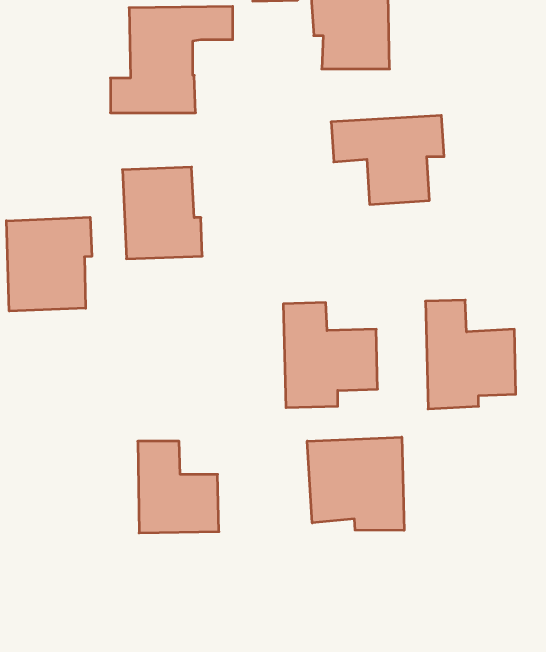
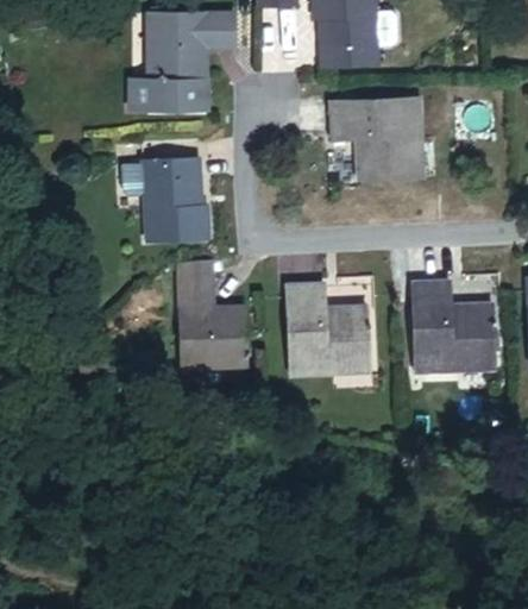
building: [6,217,92,311] -> none
building: [307,437,404,530] -> none
building: [138,441,219,533] -> [175,275,247,357]

